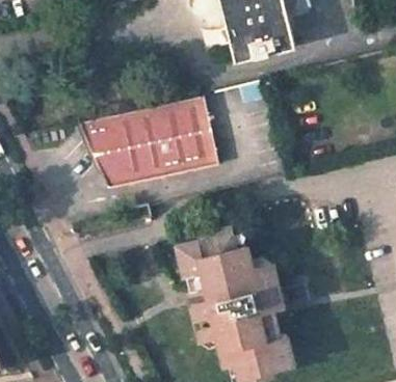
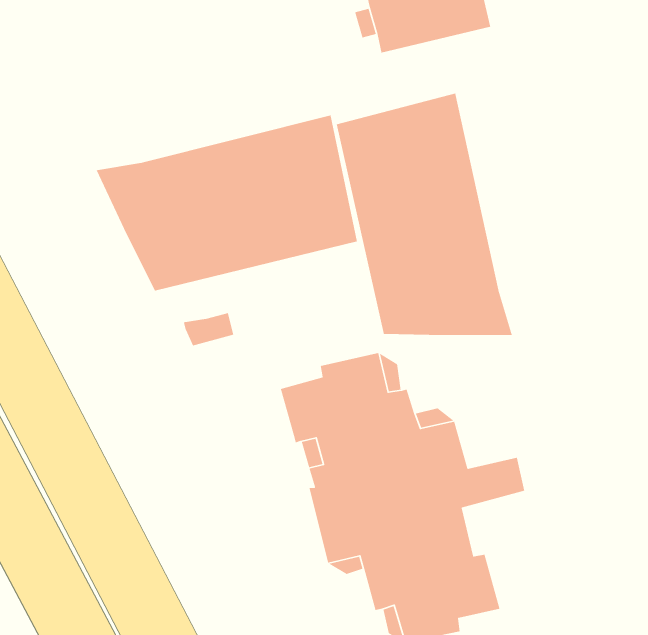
building: none -> [336,93,513,336]

